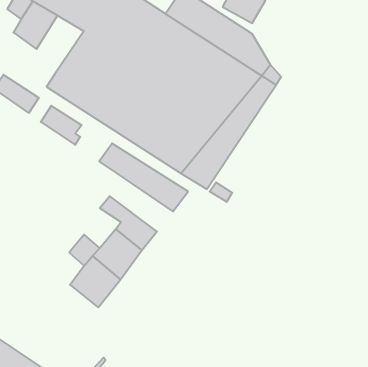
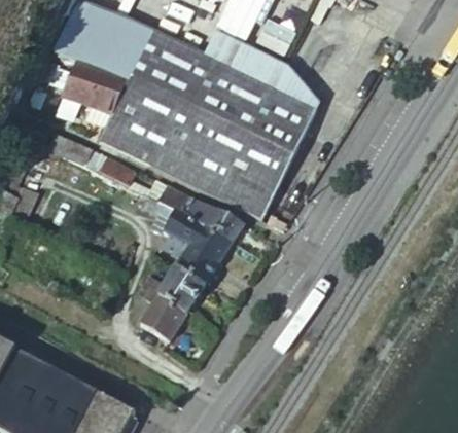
building: none -> [85,68,129,124]
building: none -> [163,212,232,263]

